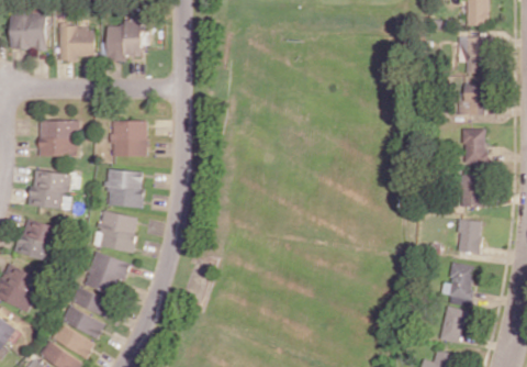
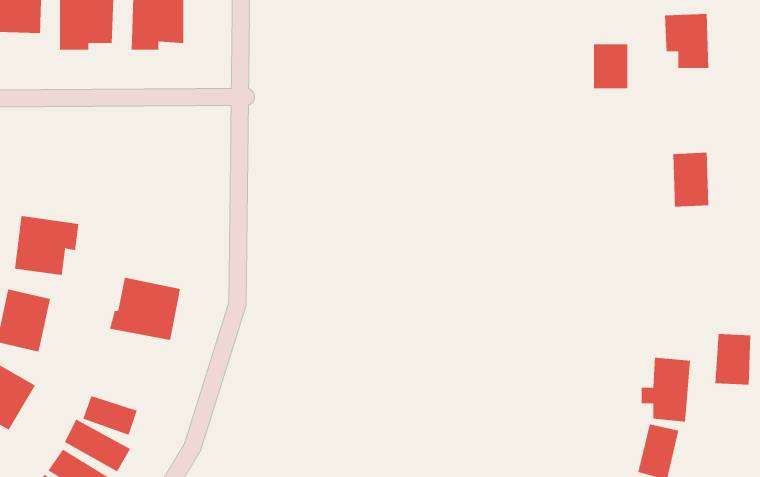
building: [460,86,483,115] -> [593,44,628,89]
building: [110,120,147,157] -> none
building: [37,121,78,157] -> none
building: [105,170,143,208] -> none
building: [458,176,481,209] -> none
building: [457,220,481,254] -> [715,334,751,385]
building: [83,252,128,297] -> none

